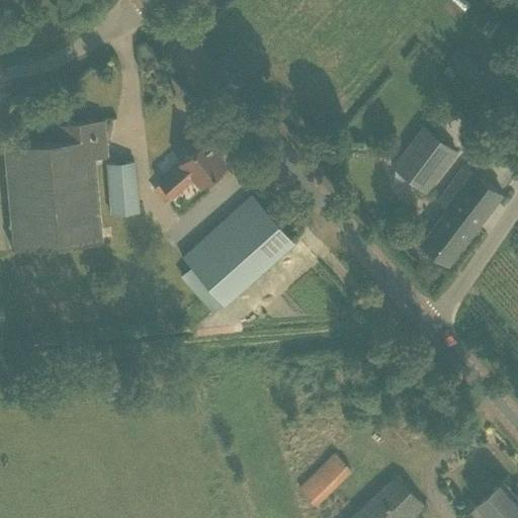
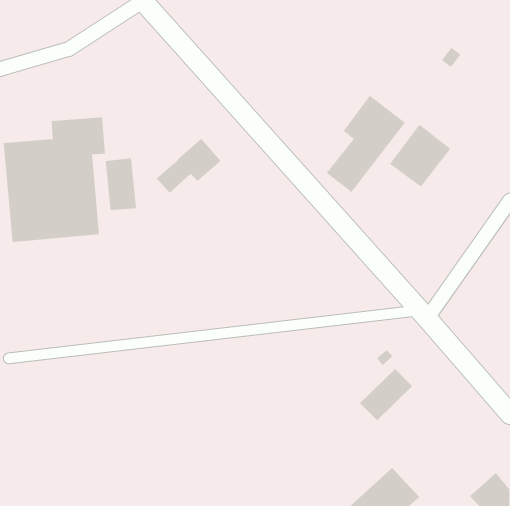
building: [422,168,504,267] -> [326,95,407,193]
building: [178,197,293,316] -> none
building: [299,455,354,509] -> [359,368,413,421]

